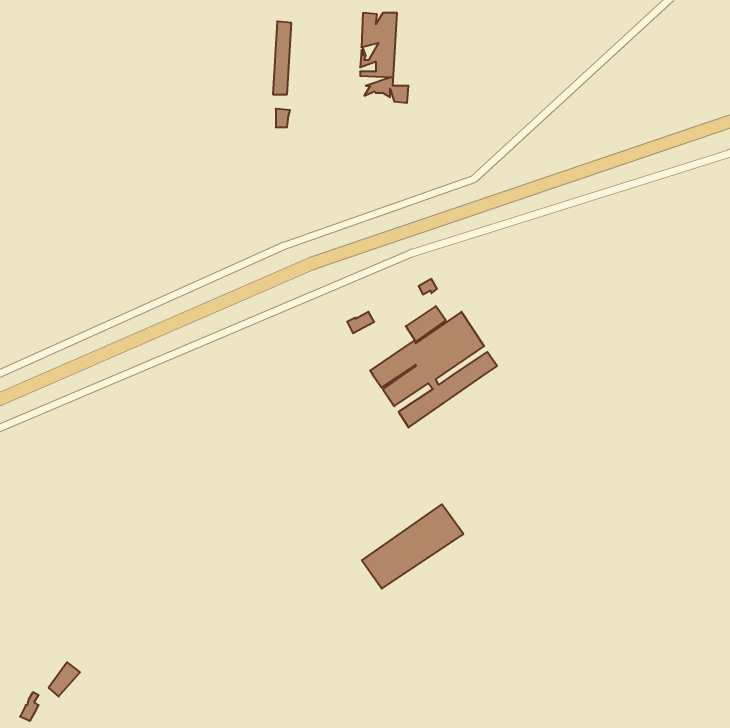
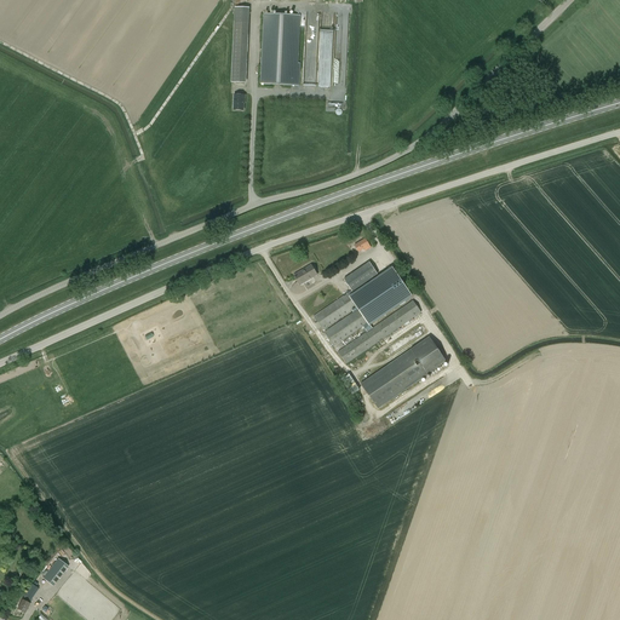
building: none -> [262,11,300,82]
building: [362,504,463,589] -> [361,335,447,407]

